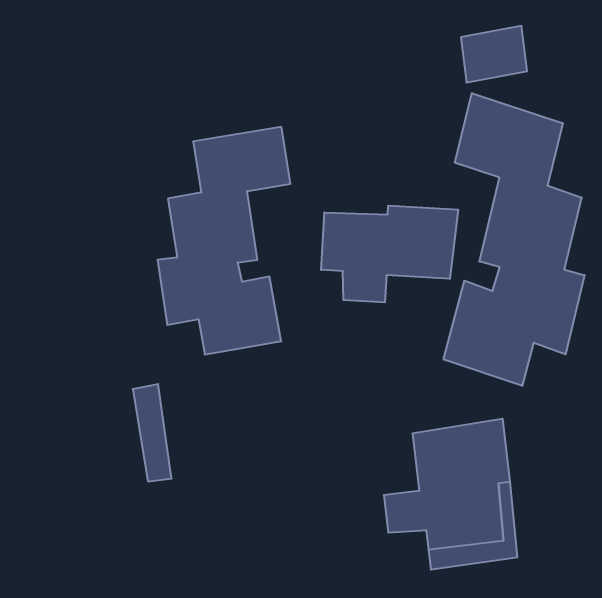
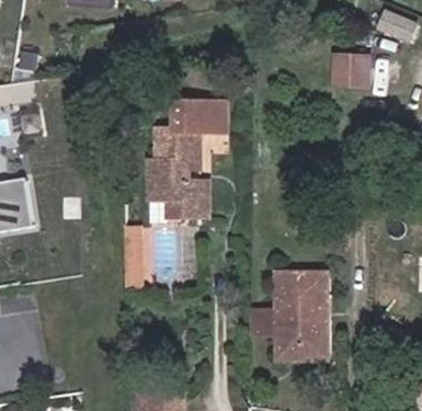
building: [444,93,585,386] -> none
building: [321,206,458,302] -> none

